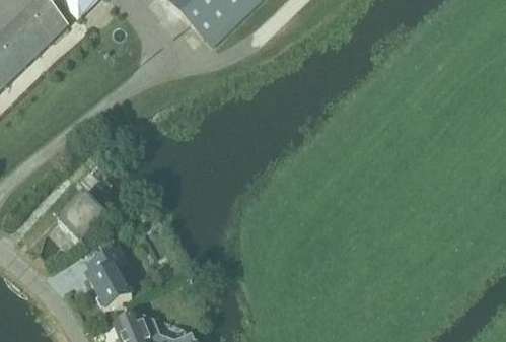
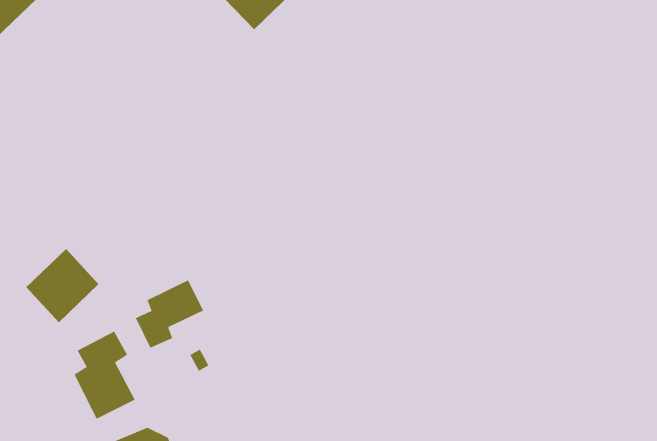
building: none -> [135,279,204,349]

